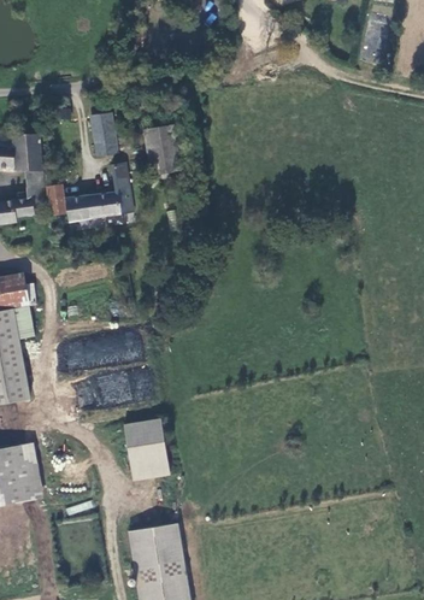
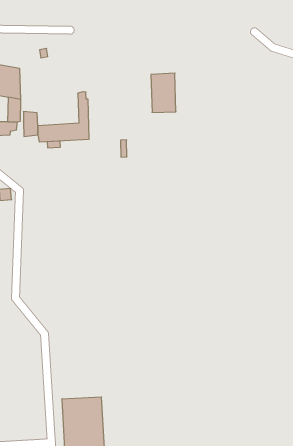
building: [90,113,117,154] -> none
building: [145,123,179,173] -> [151,73,176,112]
building: [125,419,169,470] -> none

